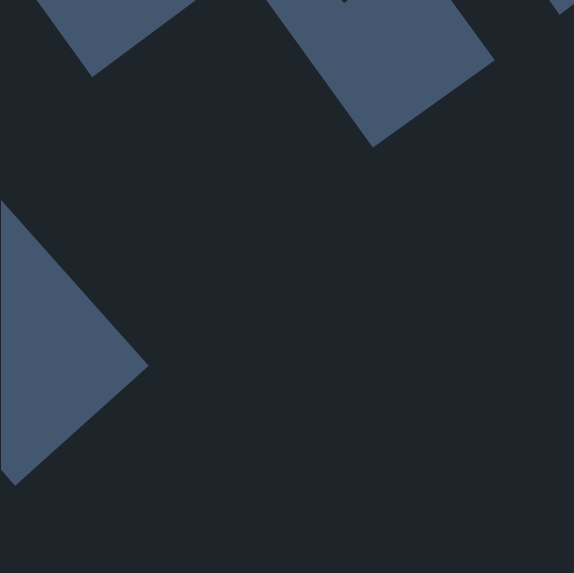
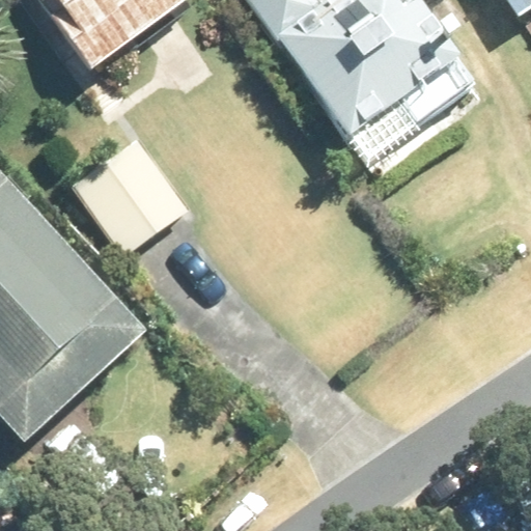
building: none -> [74,138,187,253]

